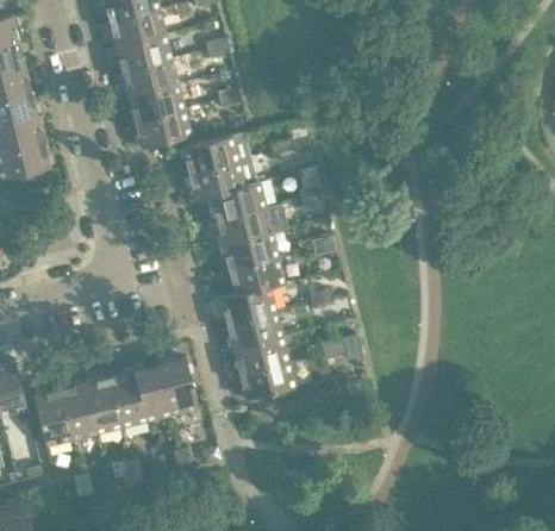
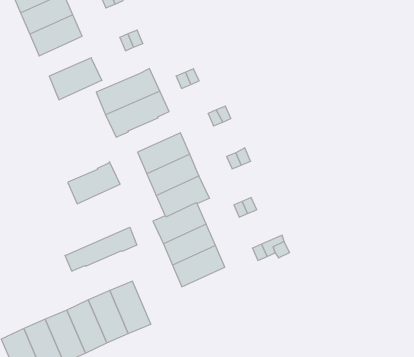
building: [126,83,182,120] -> none
building: [208,180,264,219] -> [68,162,120,204]
building: none -> [65,227,137,271]
building: [237,360,294,399] -> none

